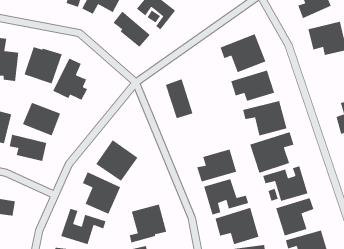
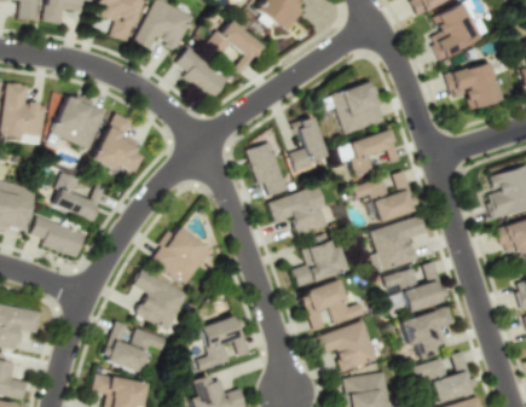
building: none -> [291,116,328,171]
building: none -> [268,186,333,237]

